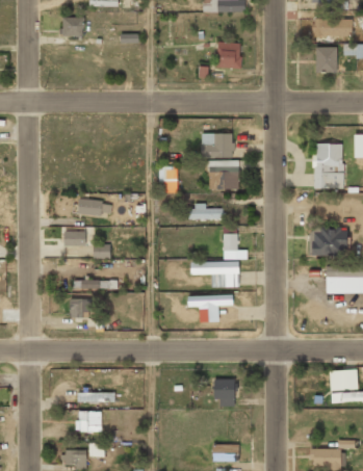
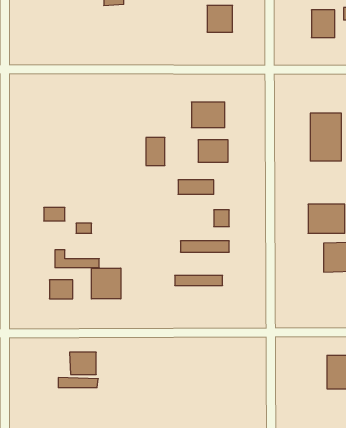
building: [78,200,111,215] -> none
building: none -> [91,268,121,299]
building: [214,380,235,404] -> none
building: [77,410,102,430] -> [70,352,96,374]

